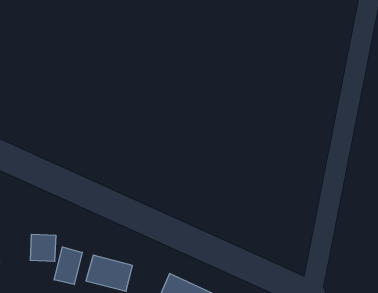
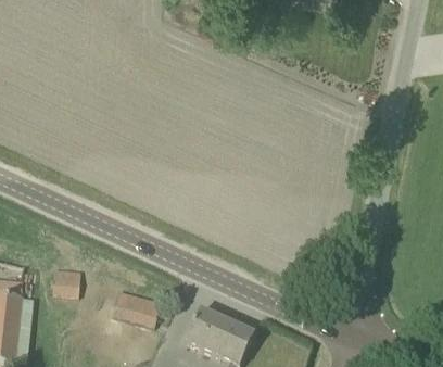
building: [54,247,82,285] -> none

